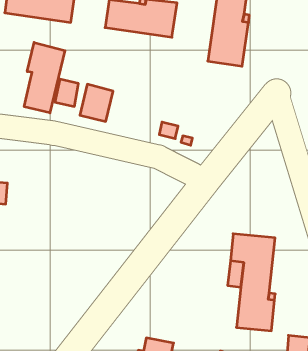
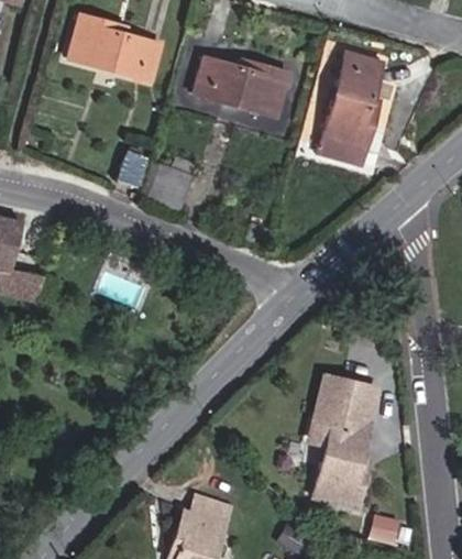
building: [24,42,65,113] -> none

